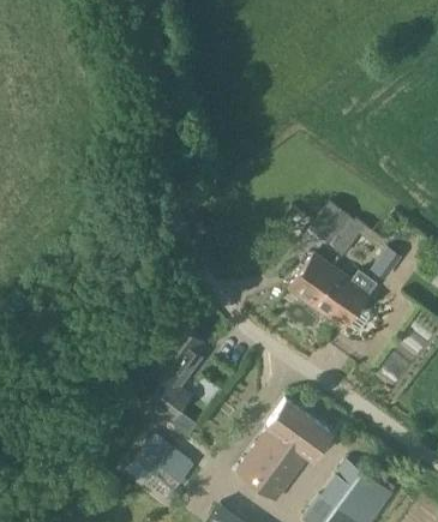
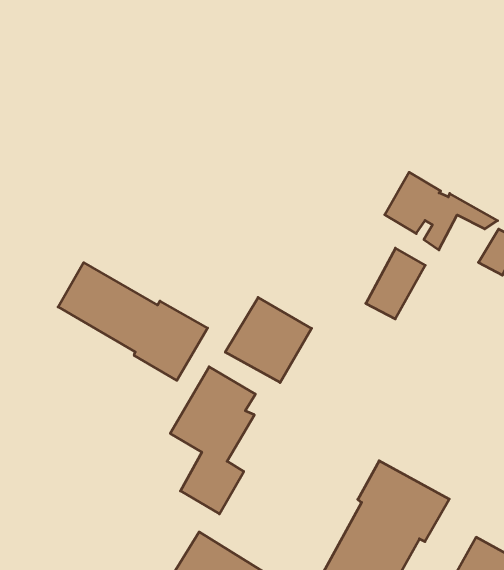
building: none -> [58,263,208,380]
building: [308,266,378,330] -> none
building: none -> [225,297,312,383]

